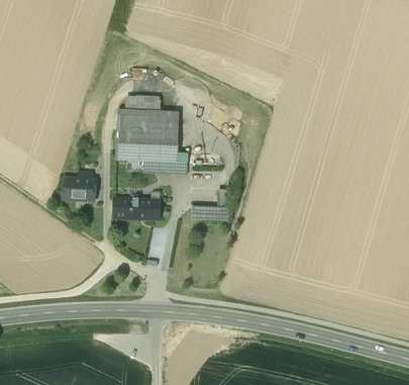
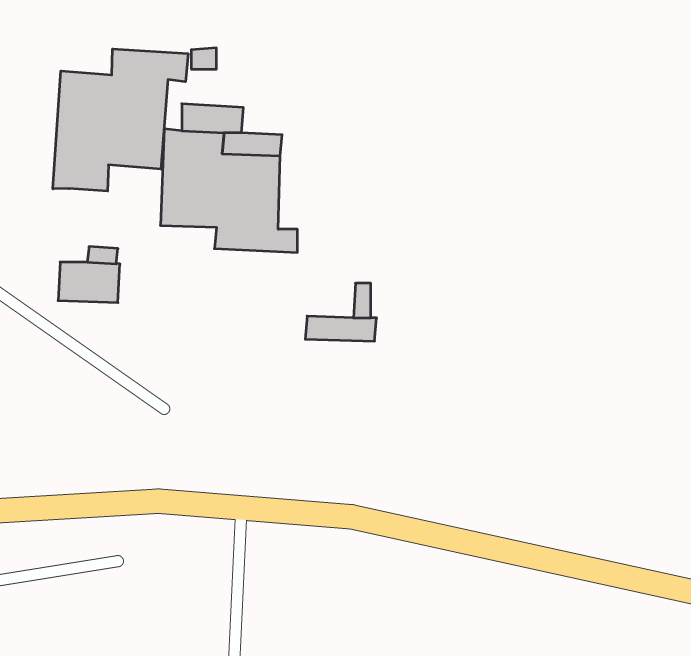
building: none -> [53,49,188,191]
building: [113,198,161,219] -> none

